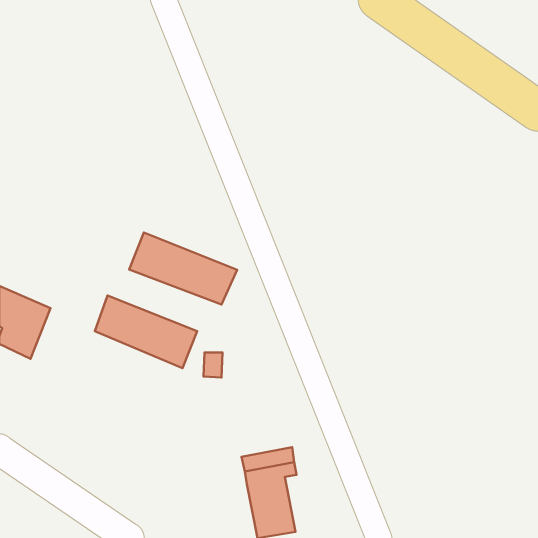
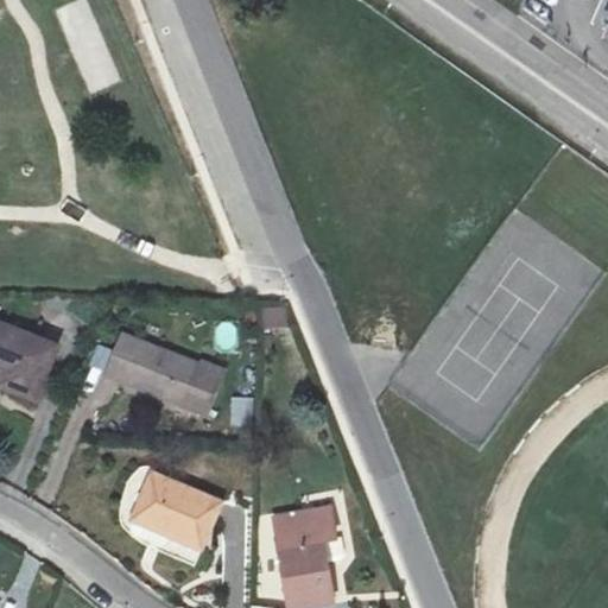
building: [129,232,237,305] -> none
building: none -> [135,473,222,552]

